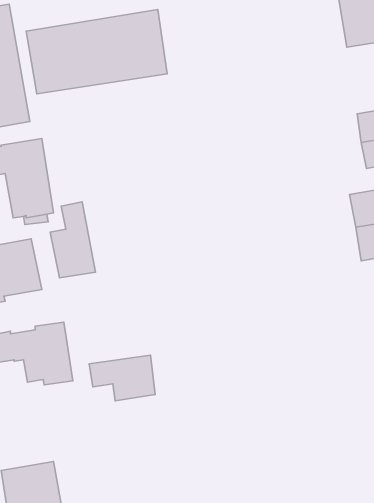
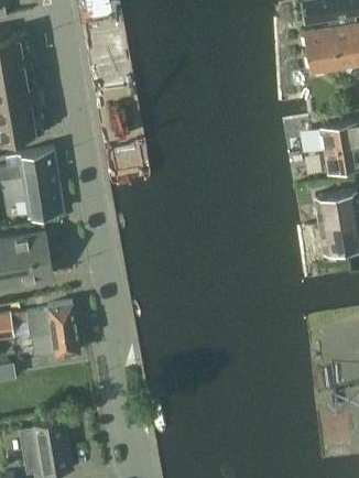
building: [26,9,167,94] -> none
building: [50,202,95,278] -> none
building: [89,355,155,401] -> none

